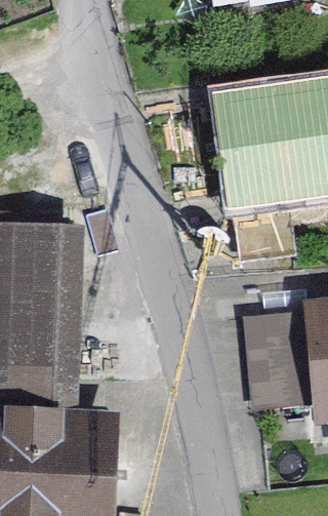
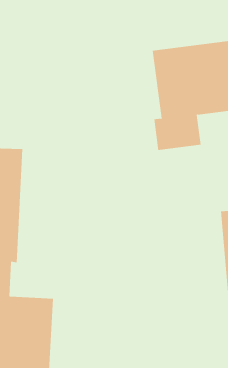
building: [242,305,311,401] -> none

